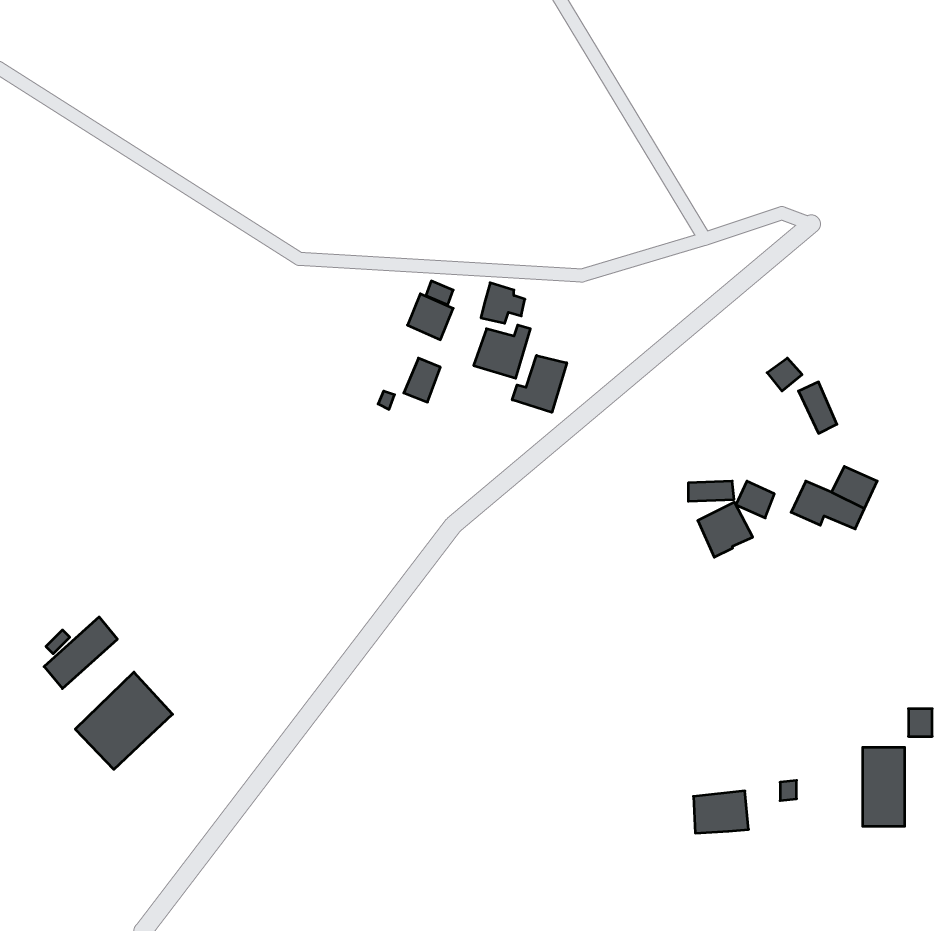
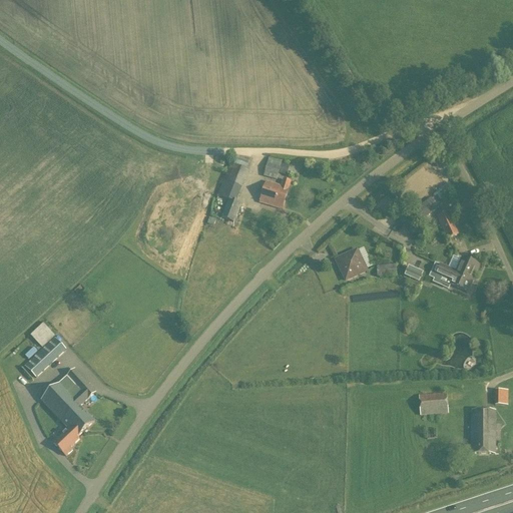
building: [512,355,567,412] -> none
building: [698,502,753,557] -> [336,247,366,278]
building: none -> [52,404,94,454]
building: [693,791,749,833] -> [418,390,448,413]

